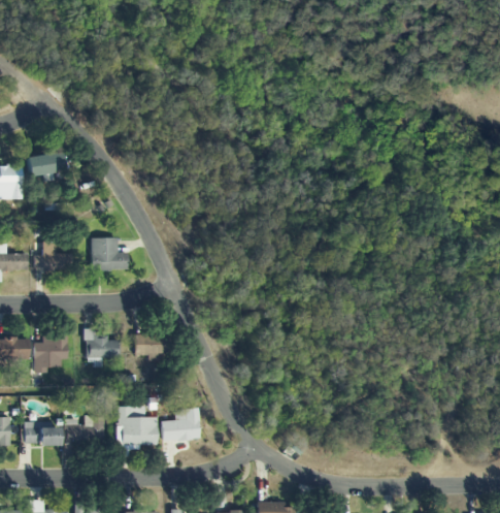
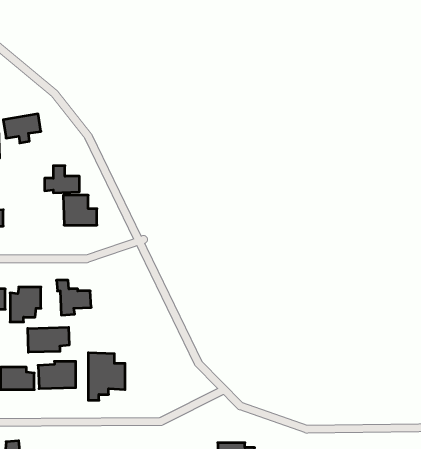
building: [34,243,71,271] -> [45,166,79,193]
building: [134,334,167,362] -> none
building: none -> [28,327,69,352]
building: [162,408,200,443] -> none

